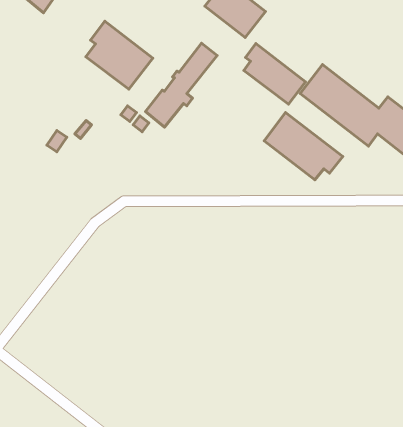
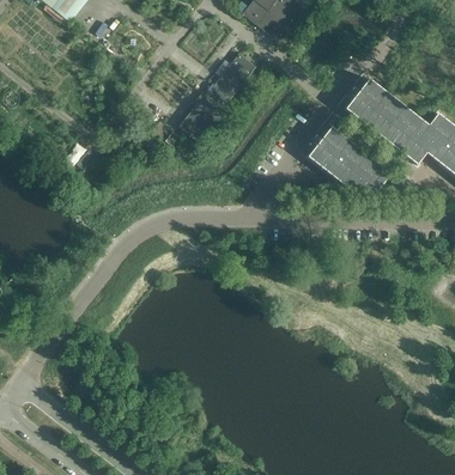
building: [86,21,153,89] -> none
building: [244,44,306,104] -> none

